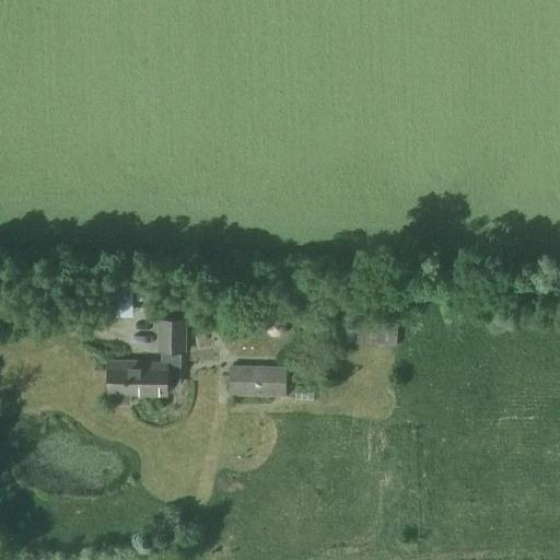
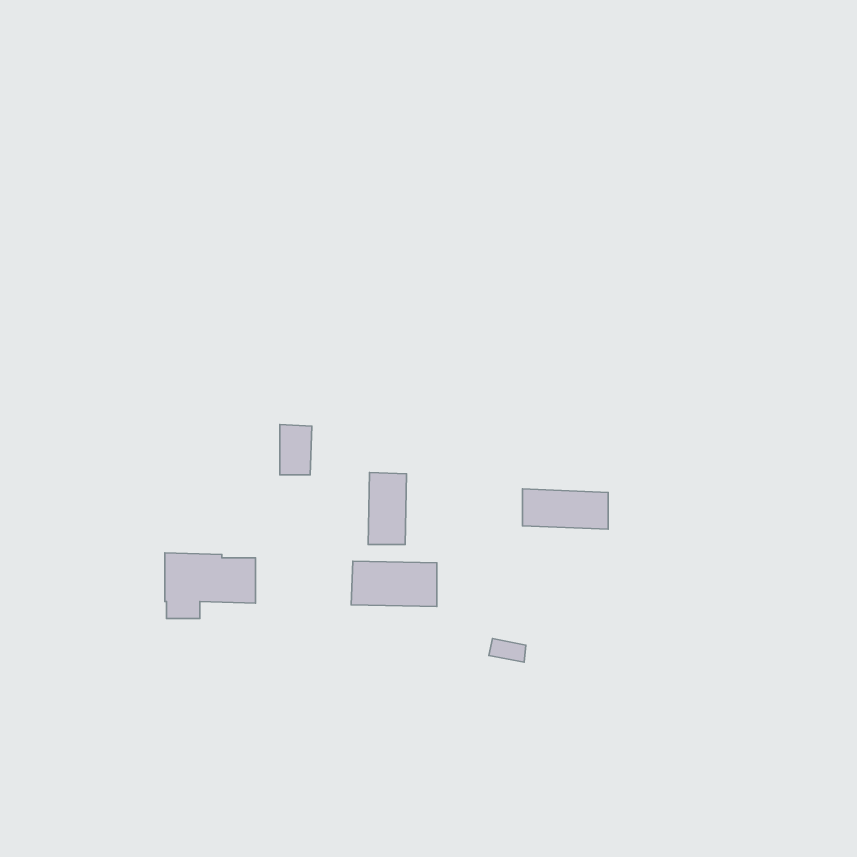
building: none -> [368,472,406,545]
building: [163,322,184,354] -> [280,424,312,475]

